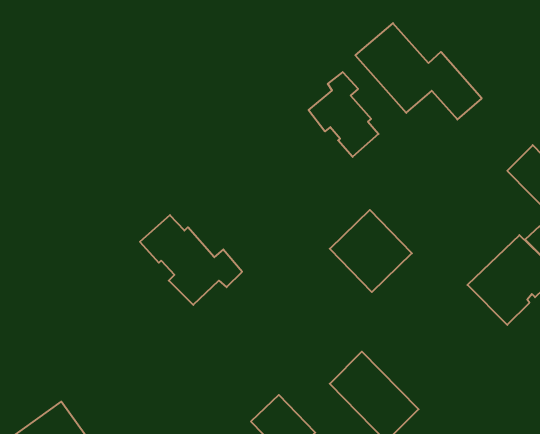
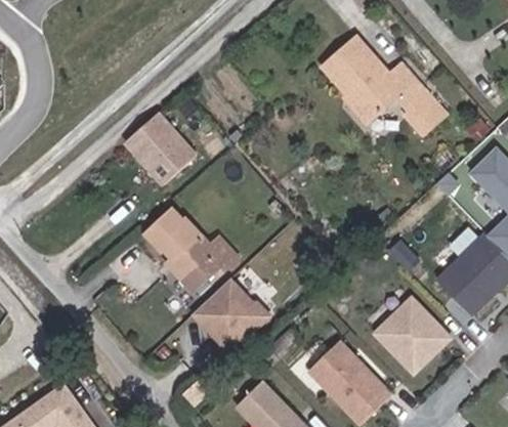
building: [309,72,379,157] -> none
building: none -> [121,109,201,187]
building: [330,210,412,292] -> [375,297,451,373]
building: none -> [185,287,257,357]

